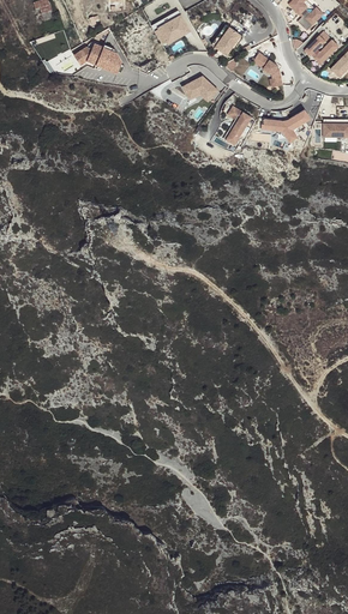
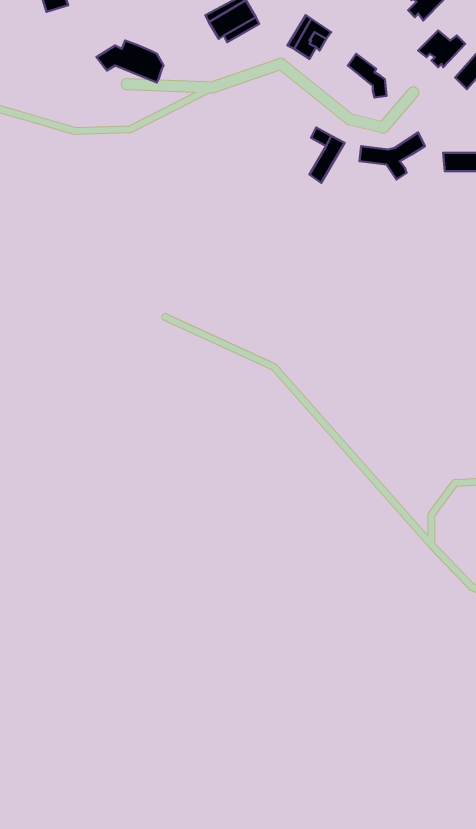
building: [179,77,218,102] -> none

